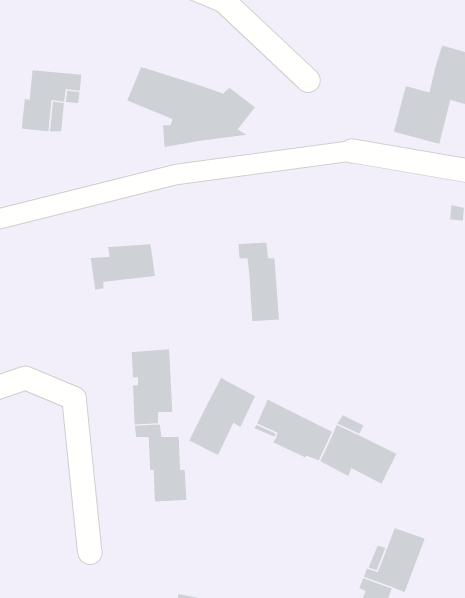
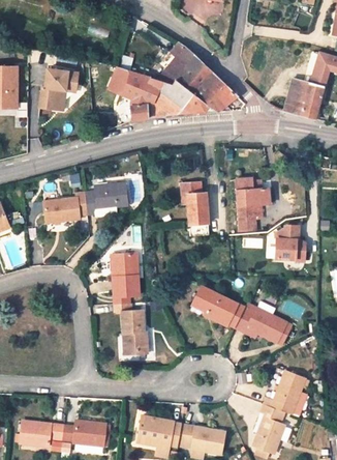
building: none -> [158,42,238,112]
building: none -> [237,177,271,231]
building: none -> [44,193,88,223]
building: none -> [276,226,306,259]
building: [188,377,256,456] -> none

